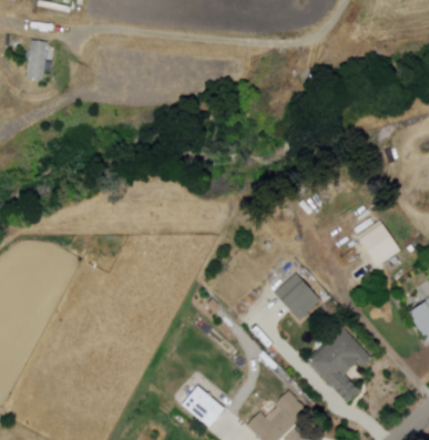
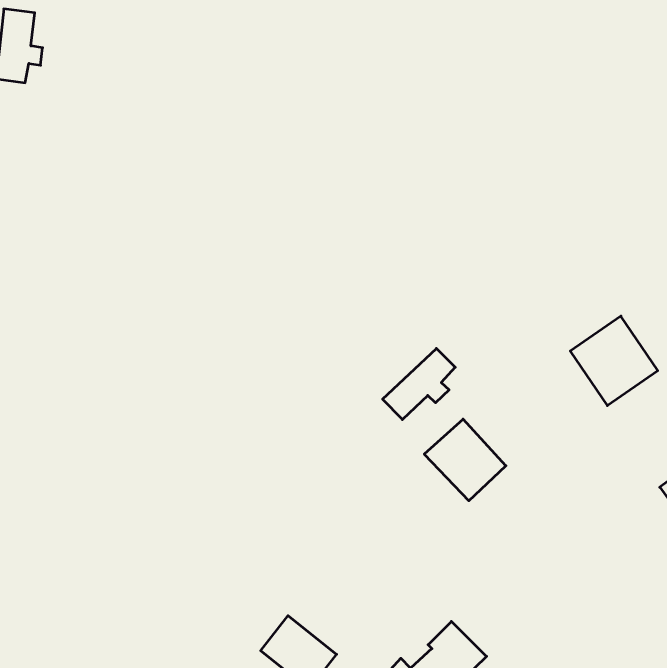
building: none -> [383,348,455,420]
building: [305,325,371,402] -> none

